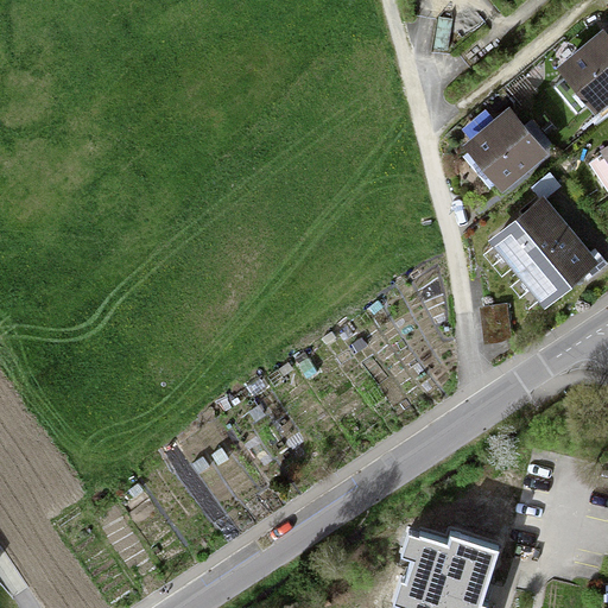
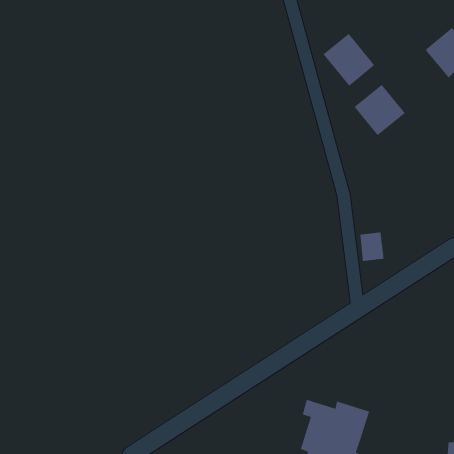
building: none -> [323,33,375,87]
building: [496,201,594,299] -> none

